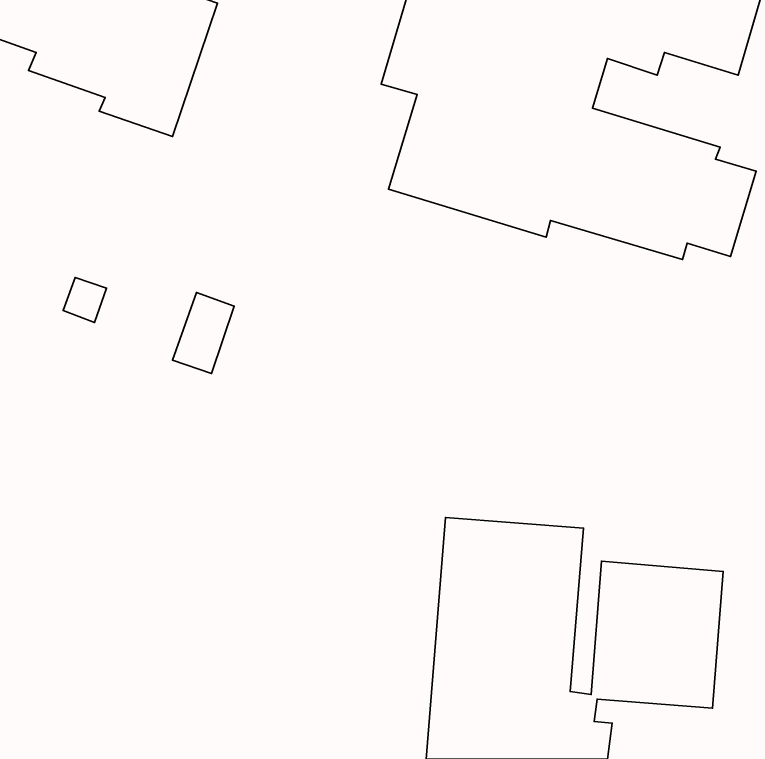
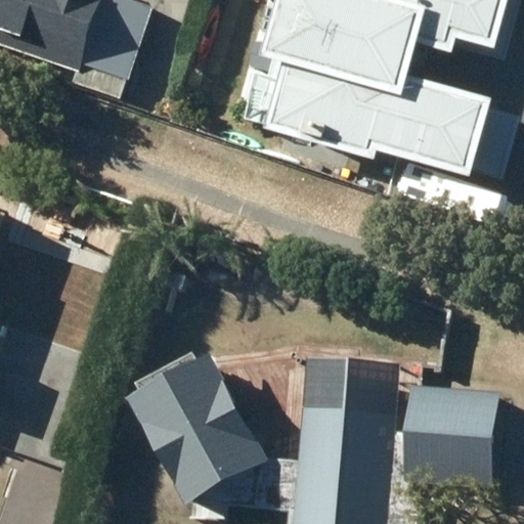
building: none -> [125,353,263,501]

